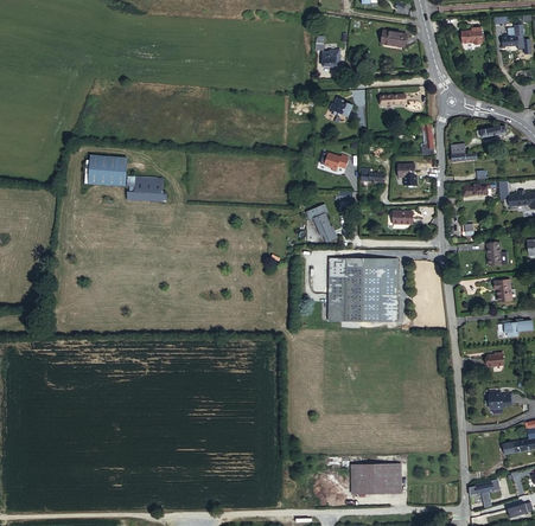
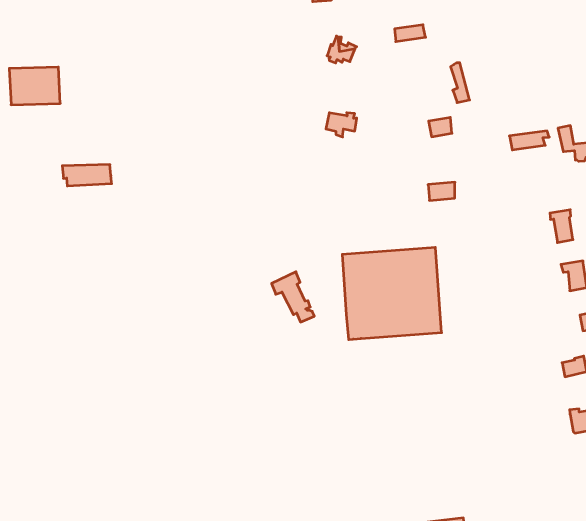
building: [87,154,125,184] -> [9,67,60,105]
building: [306,205,336,243] -> [272,272,314,322]

